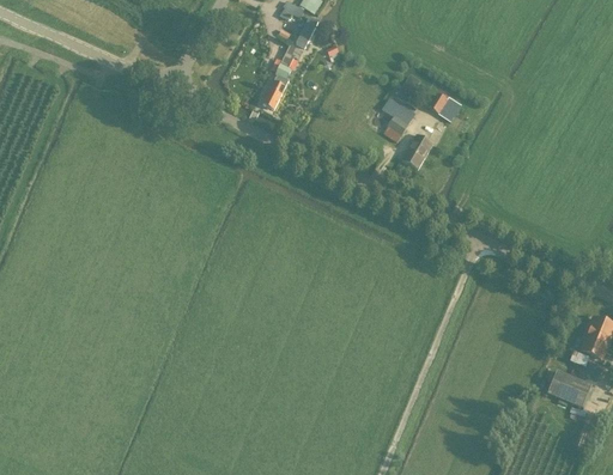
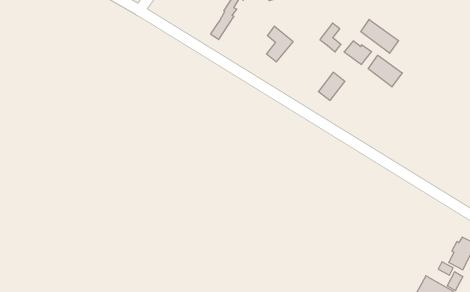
building: none -> [361,19,399,53]
building: [382,98,414,141] -> [266,26,293,62]
building: none -> [368,55,402,87]

